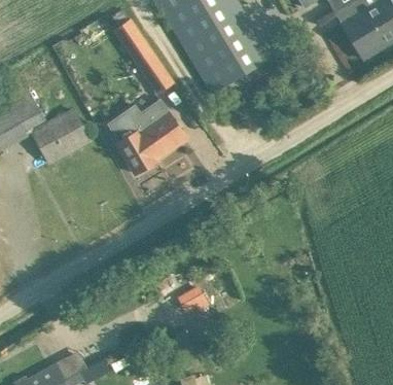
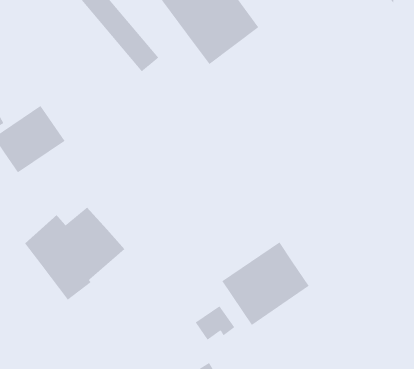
building: [106,101,186,174] -> [24,207,125,300]
building: none -> [222,242,310,326]

